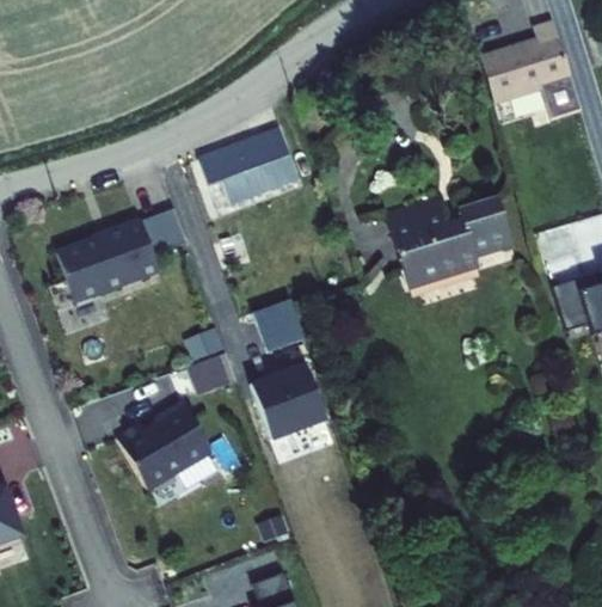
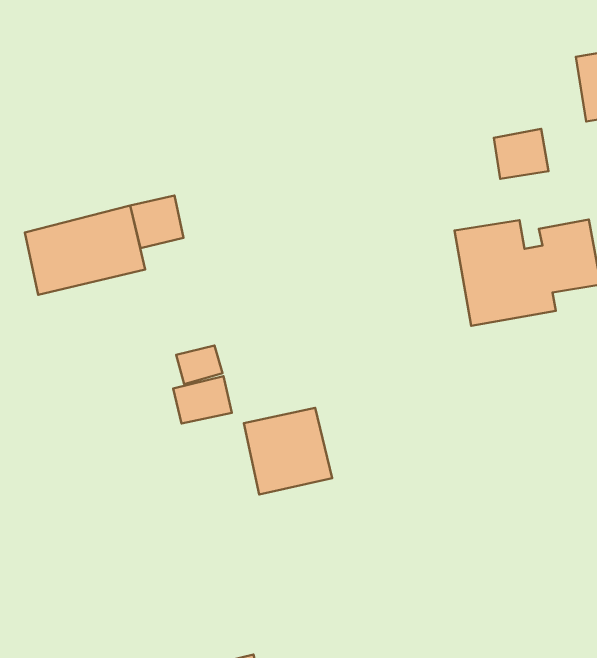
building: none -> [494,129,549,179]
building: [201,134,301,210] -> none
building: [256,299,308,352] -> none
building: [116,403,210,490] -> none

